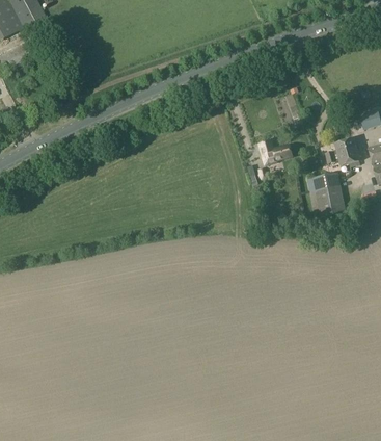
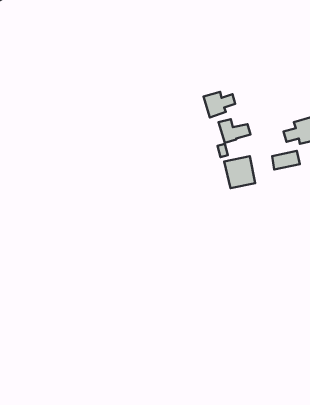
building: none -> [204,92,235,118]
building: [314,186,345,218] -> [224,156,255,188]

